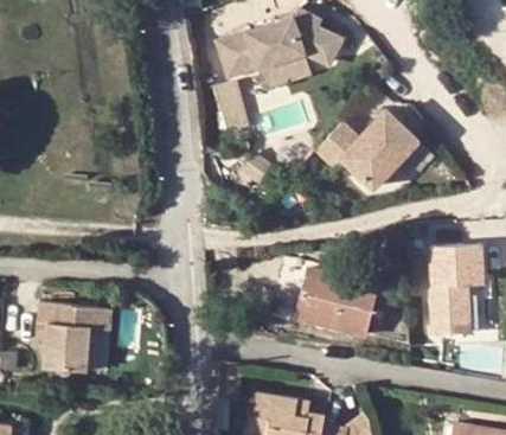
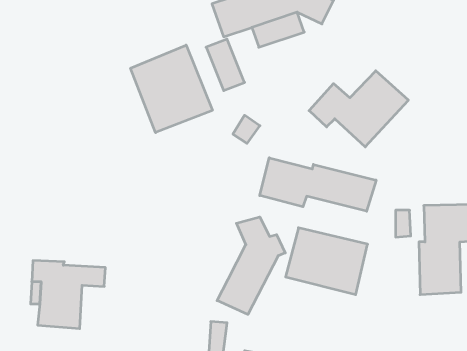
building: none -> [131,45,212,133]
building: none -> [260,158,376,211]
building: none -> [217,217,285,314]

